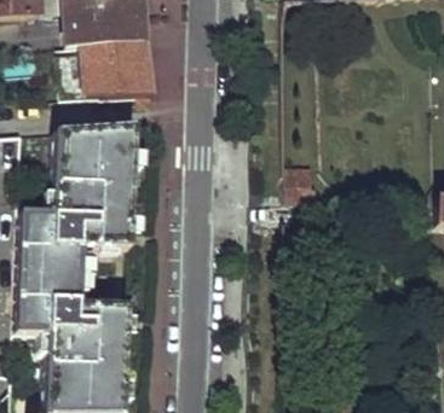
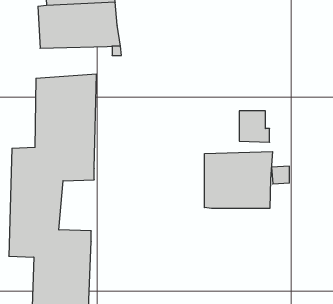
building: none -> [204,152,273,208]

